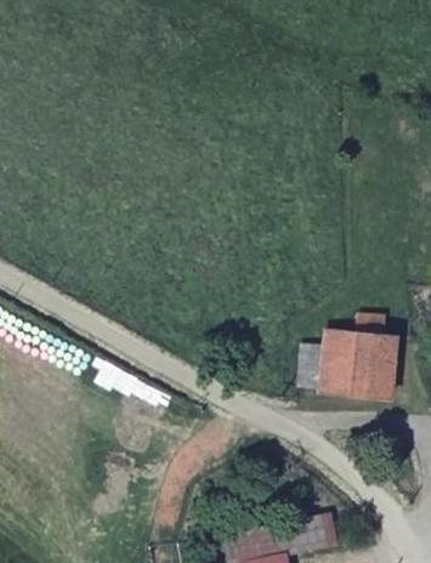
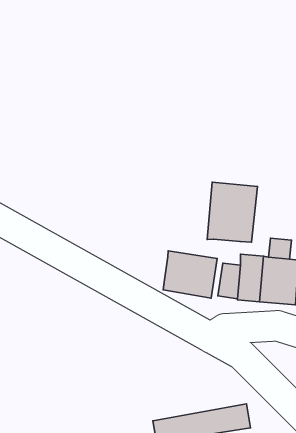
building: none -> [207,182,258,242]
building: none -> [163,251,217,298]

